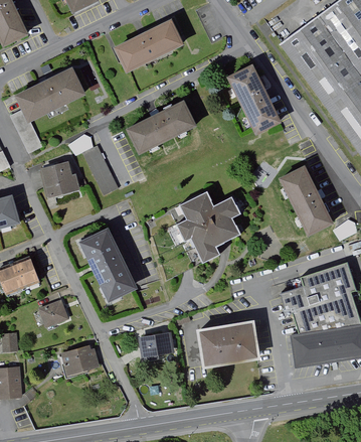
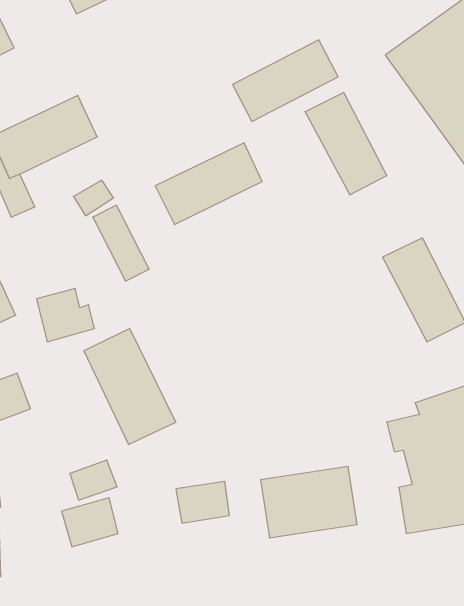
building: [114,18,185,73] -> [233,40,338,121]
building: [41,161,80,197] -> [37,288,95,342]
building: [175,191,241,264] -> none
building: [38,298,70,325] -> [70,460,117,500]

